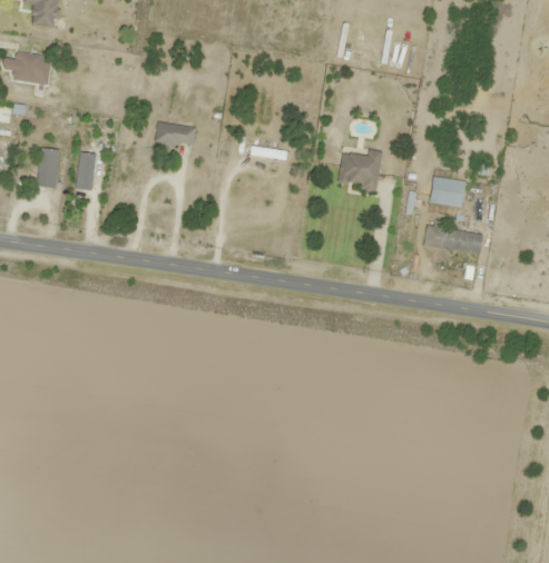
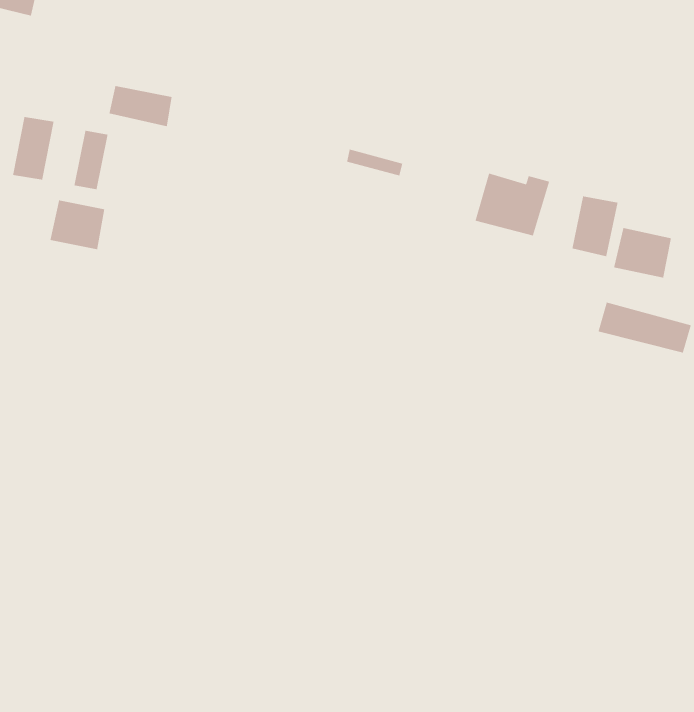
building: [155,122,195,146] -> [108,85,173,127]
building: none -> [571,196,618,257]
building: none -> [49,200,105,250]

